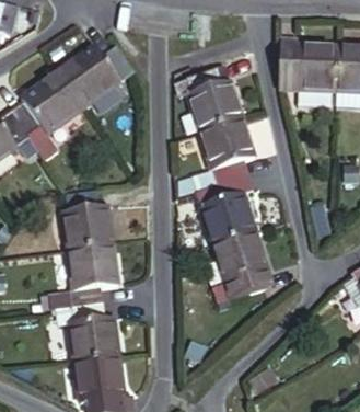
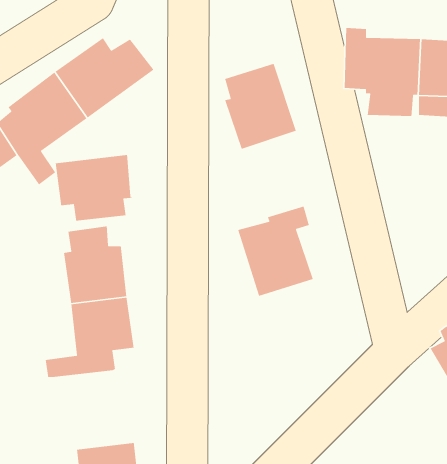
building: [193,117,255,190] -> none
building: none -> [55,154,133,222]
building: [212,231,268,302] -> none
building: [55,301,118,362] -> none

